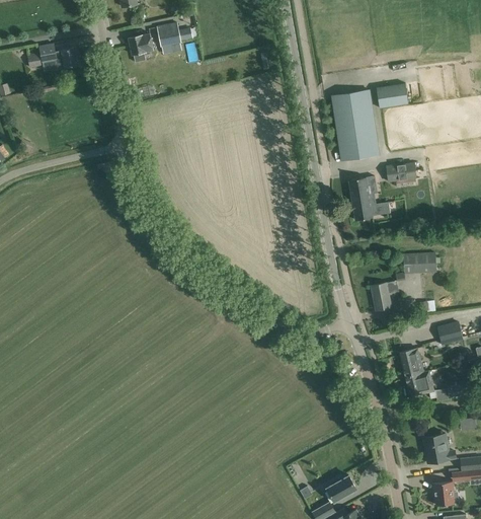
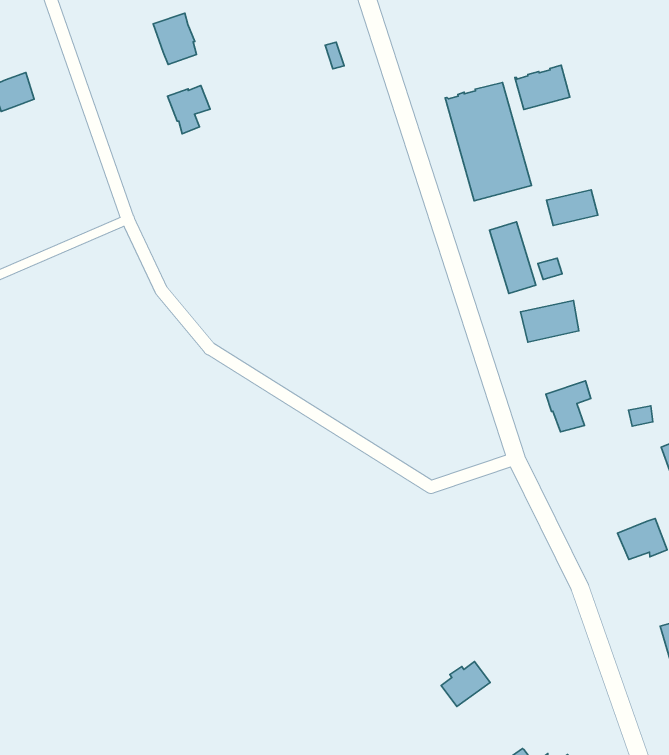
building: [129,34,154,63] -> [168,86,210,134]
building: [402,252,436,275] -> [521,300,579,342]
building: [399,349,423,377] -> none
building: [326,475,356,502] -> [441,662,490,706]

